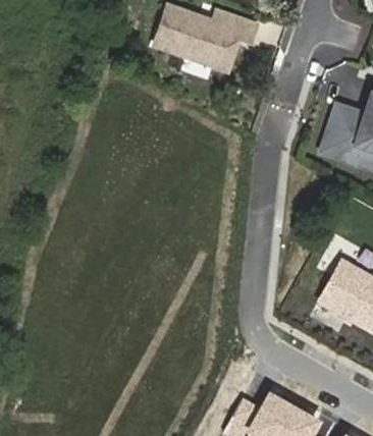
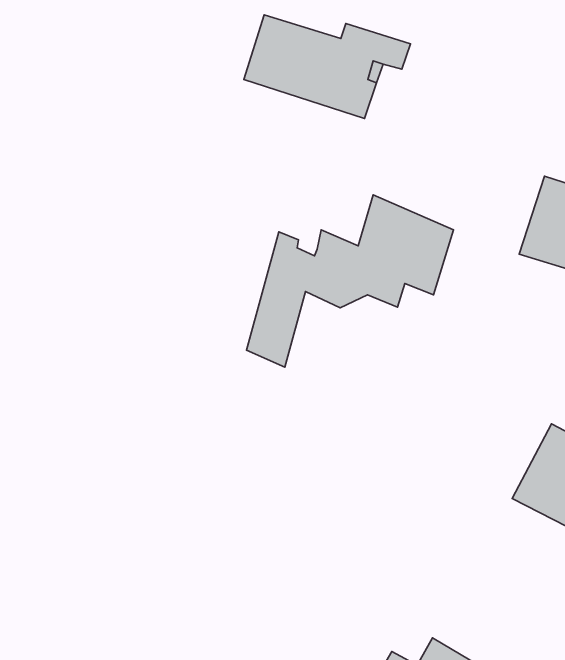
building: none -> [247,195,454,367]

